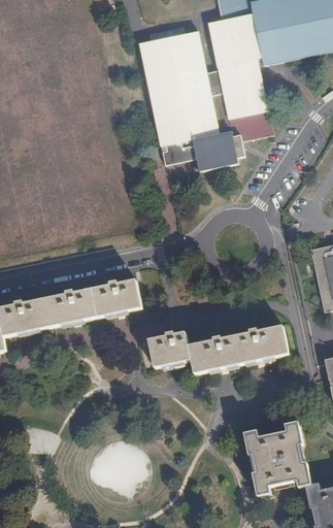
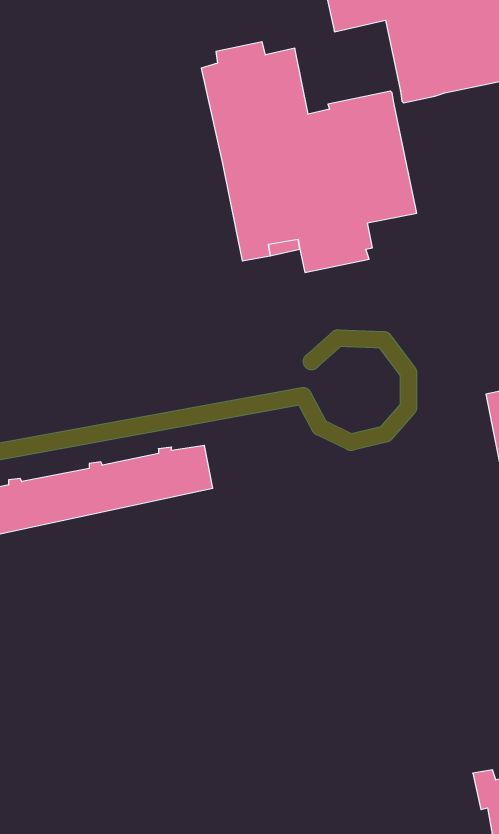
building: [206,13,260,66] -> none
building: [148,326,290,373] -> none
building: [244,422,311,495] -> none

